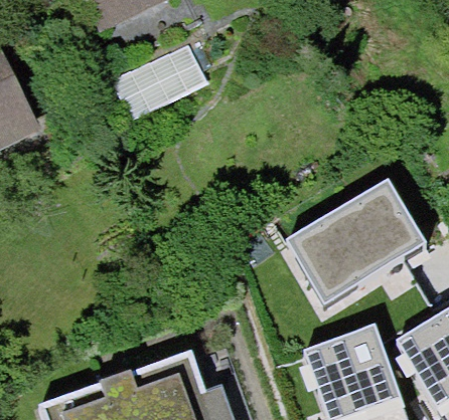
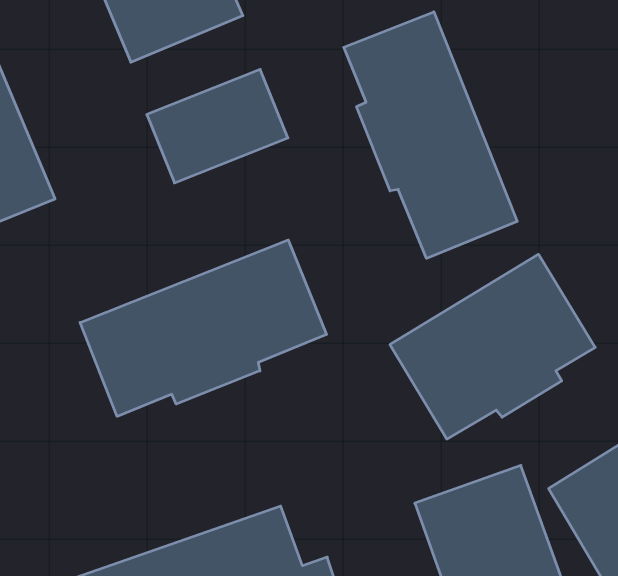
building: none -> [344,12,517,258]
building: none -> [80,240,327,416]

